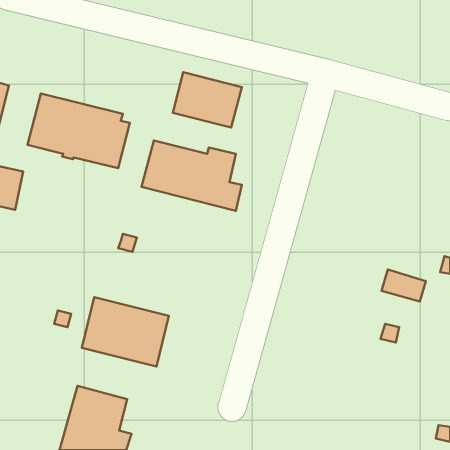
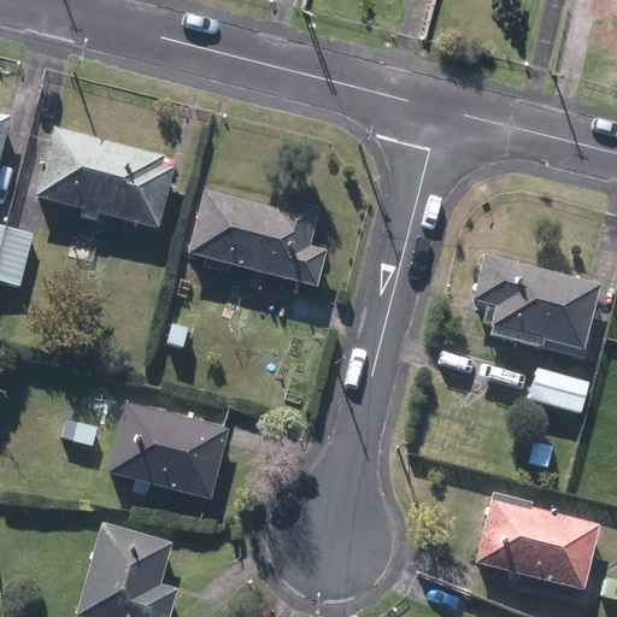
building: [173,72,242,128] -> none
building: none -> [459,255,586,349]
building: none -> [462,492,584,589]

